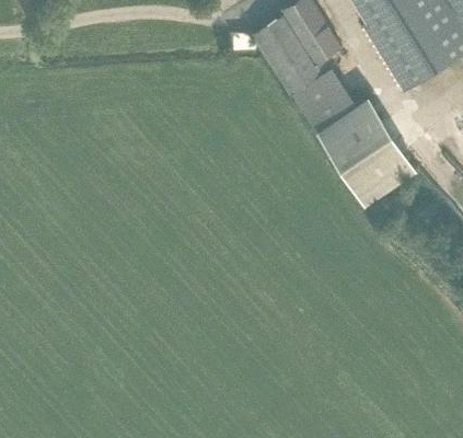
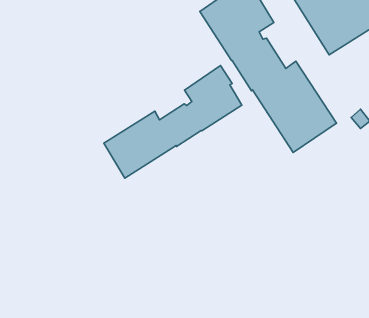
building: none -> [104,65,242,178]

